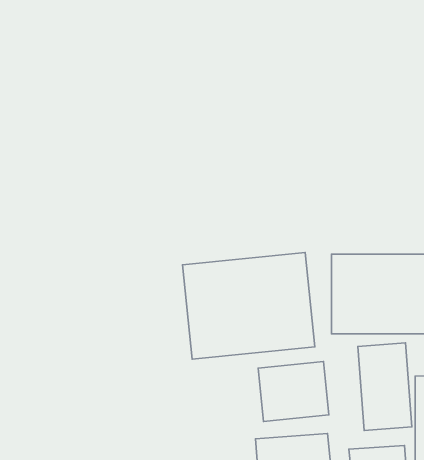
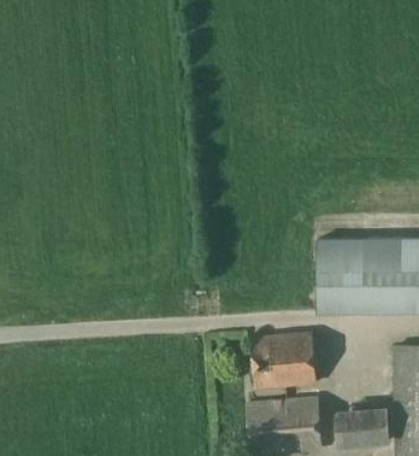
building: [183,252,315,359] -> none
building: [358,343,412,431] -> none

